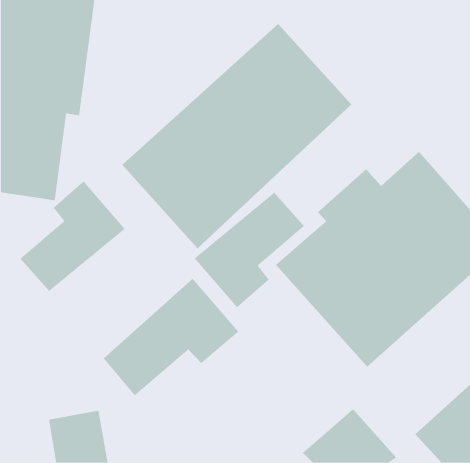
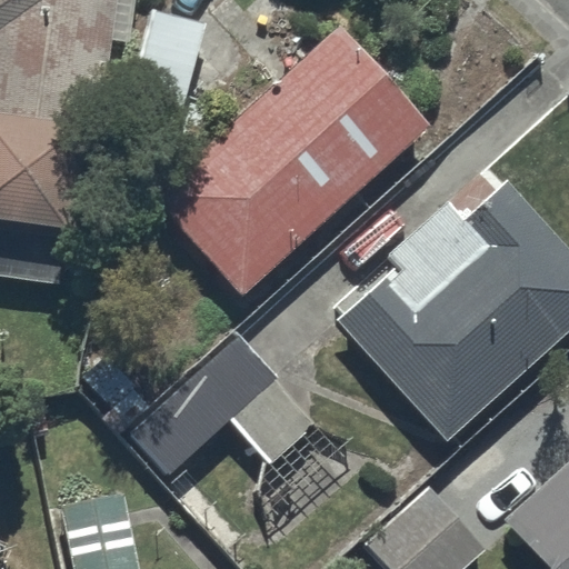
building: [20,181,125,292] -> none
building: [194,192,305,308] -> none

